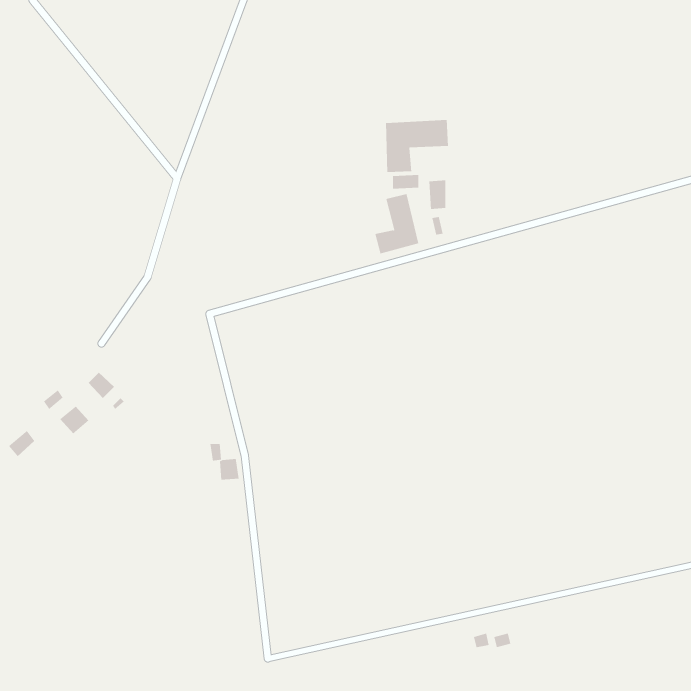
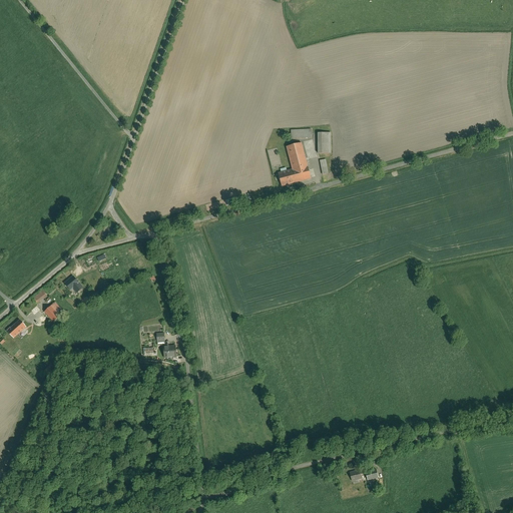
building: [386,119,448,173] -> none

